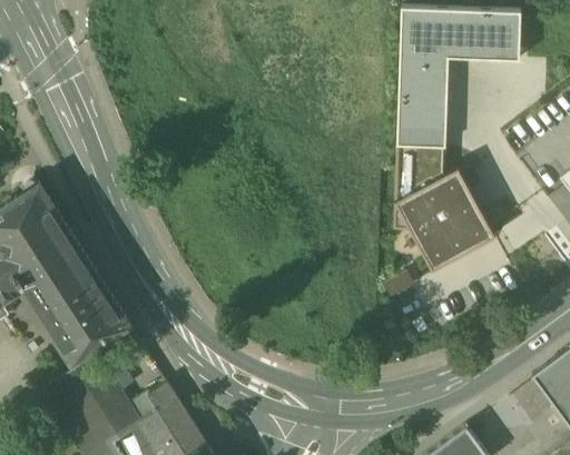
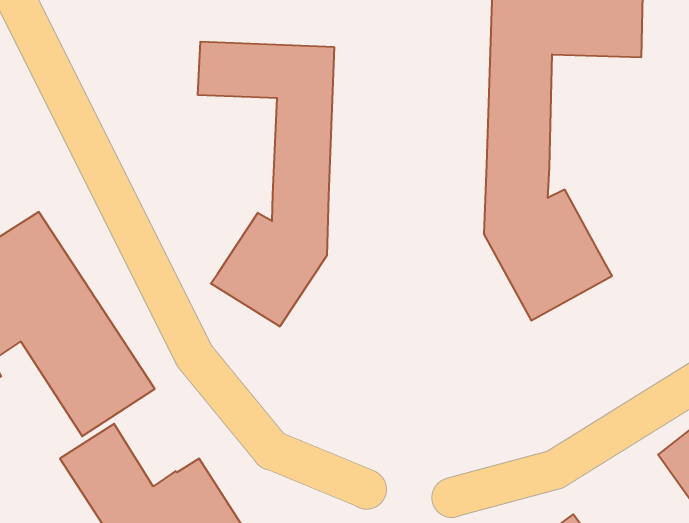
building: none -> [198,42,334,327]

